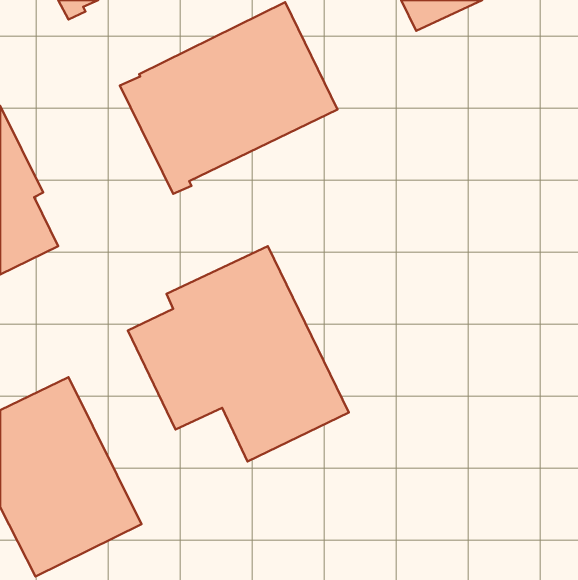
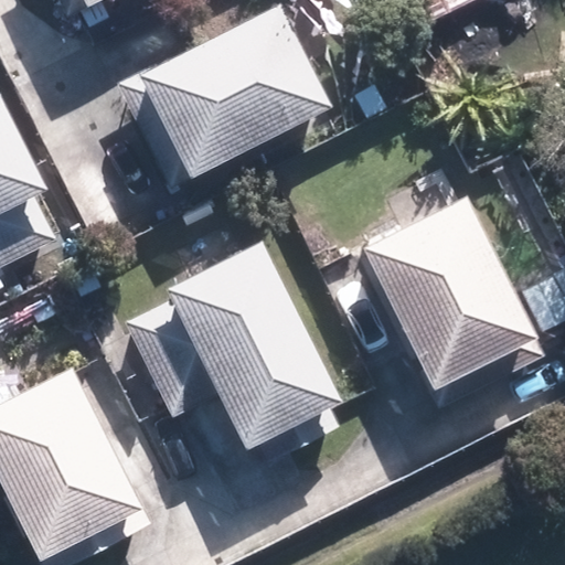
building: none -> [362,195,536,390]

